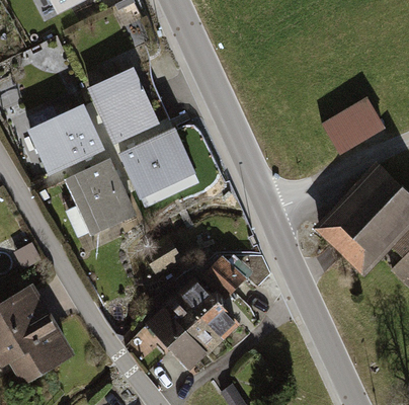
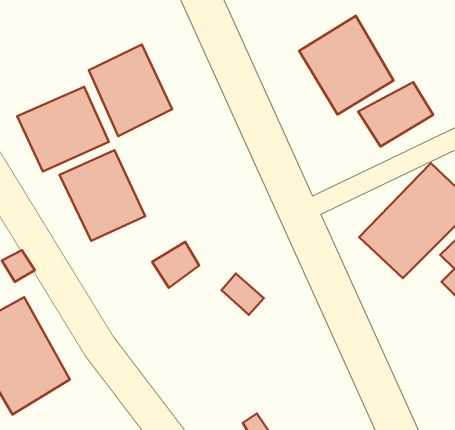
building: none -> [299,16,393,115]
building: [116,126,198,210] -> none
building: [145,274,239,371] -> none

